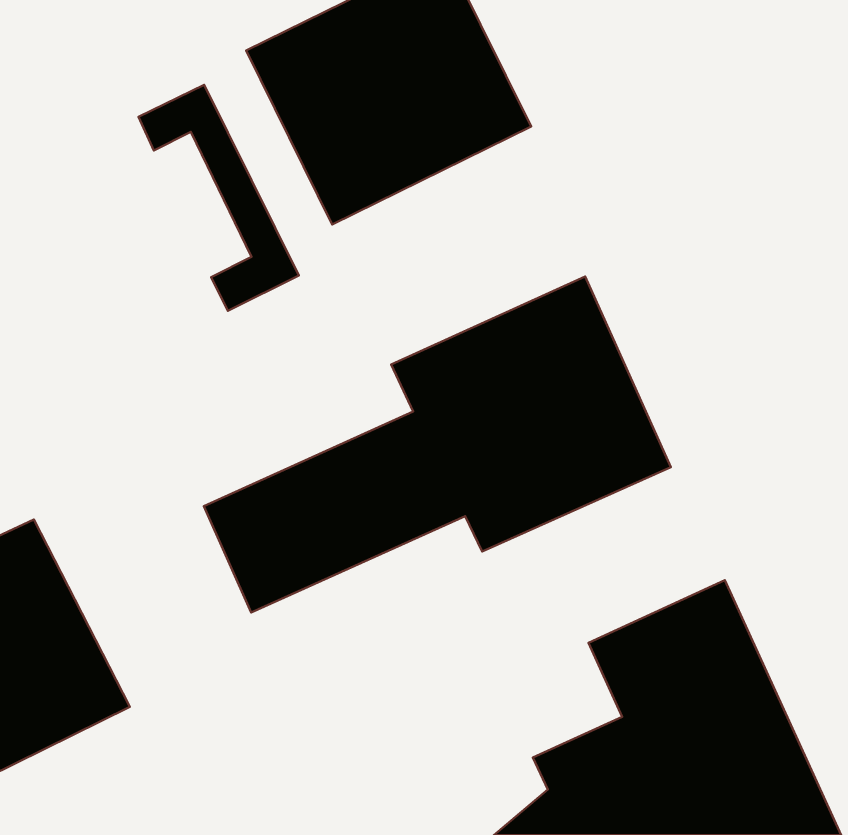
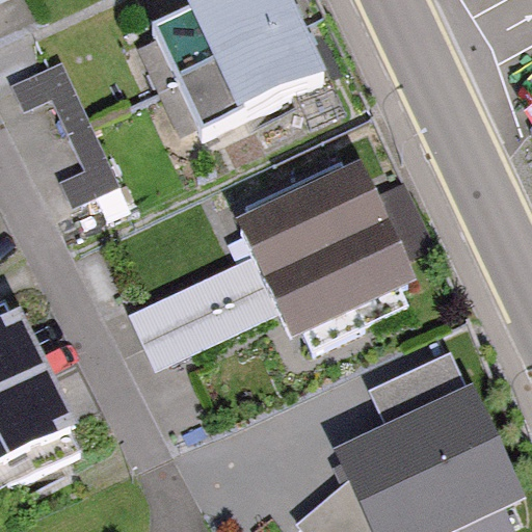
building: [139,85,299,311] -> [20,61,118,201]

